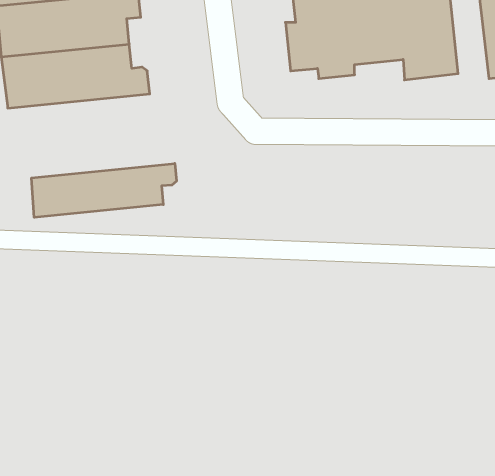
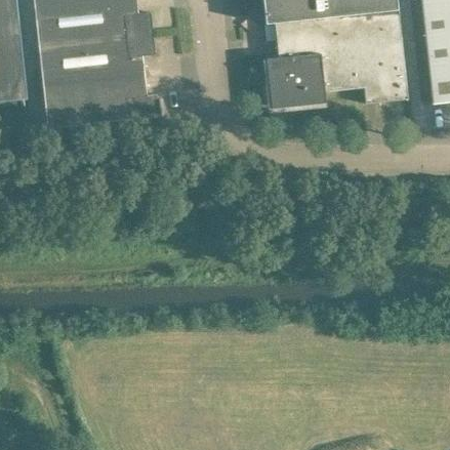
building: [32,163,176,217] -> none

